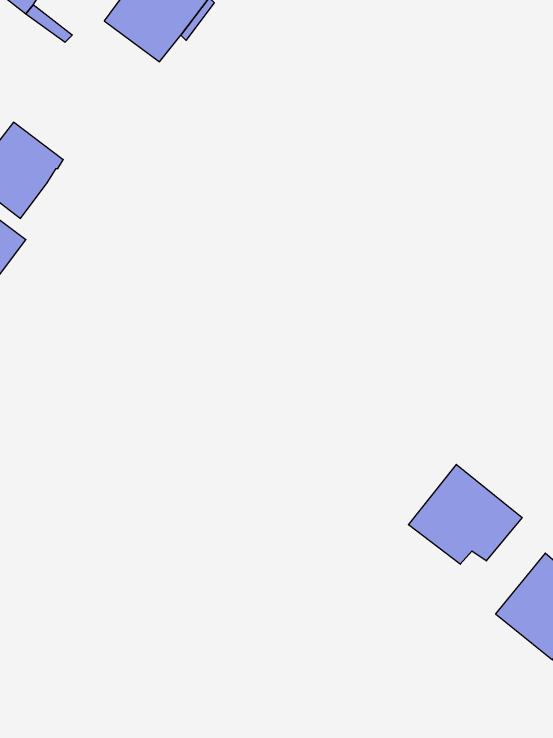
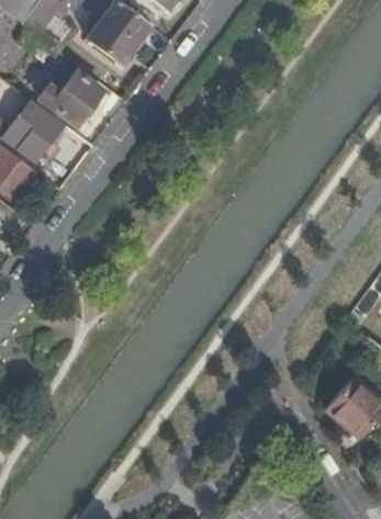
building: none -> [45,71,102,126]
building: [408,464,522,564] -> none

